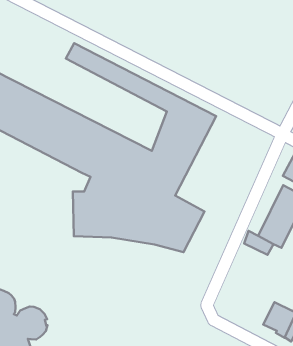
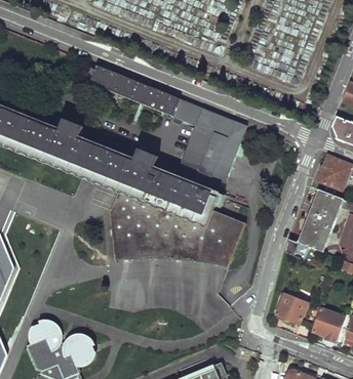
building: none -> [276,293,307,323]

